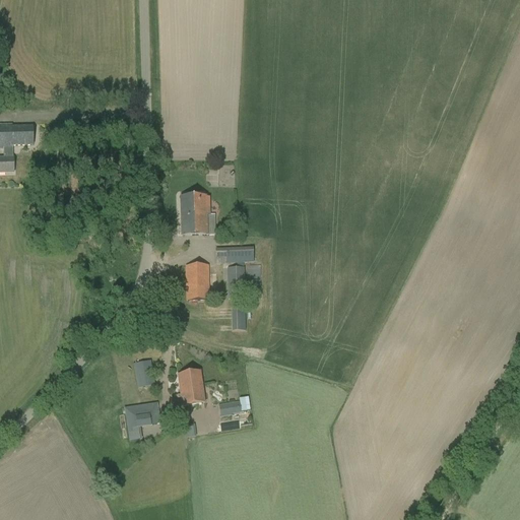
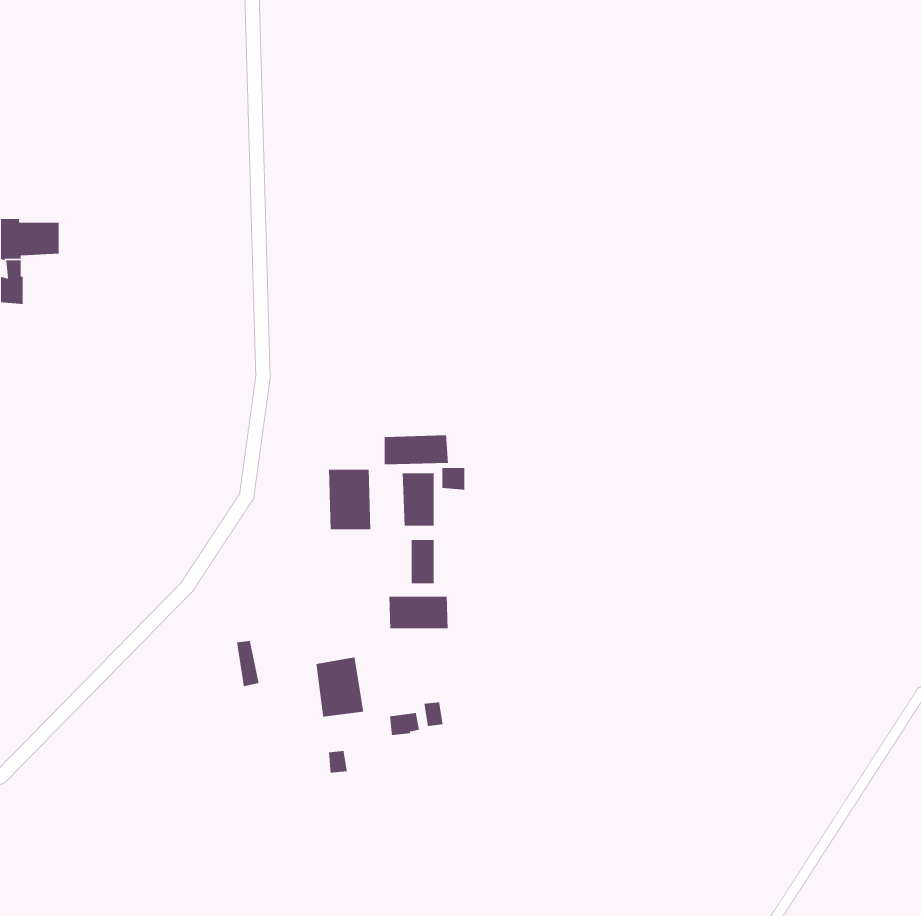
building: [180,195,215,235] -> none
building: none -> [388,596,449,629]
building: [124,400,160,439] -> none

